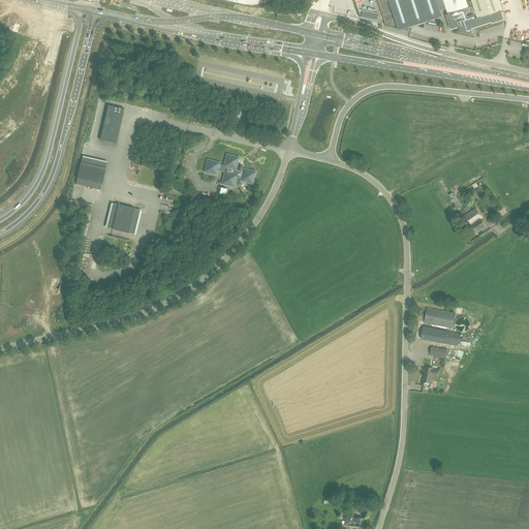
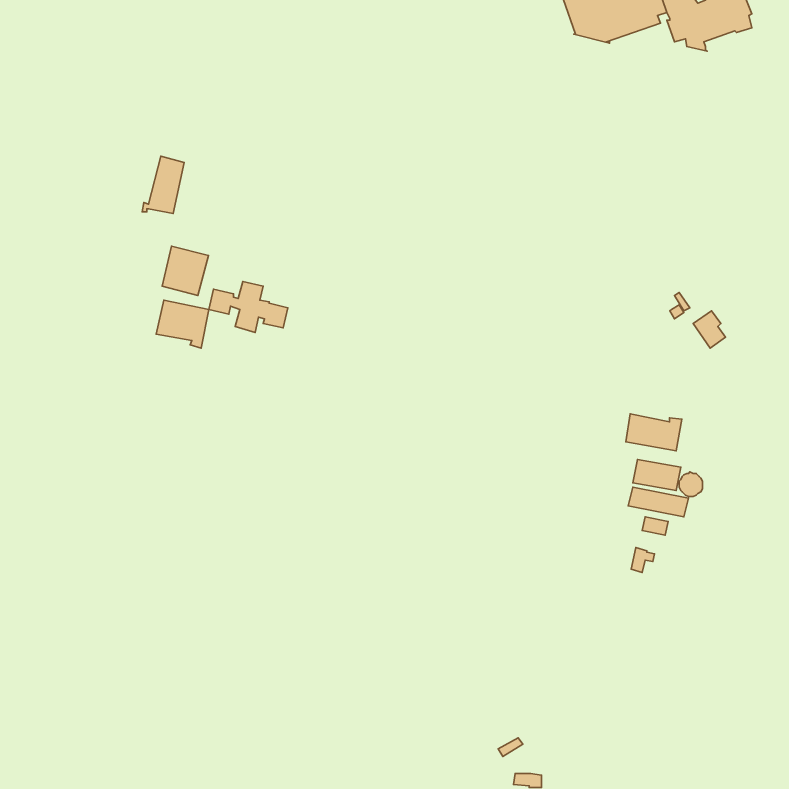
building: [203,153,255,187] -> [209,282,288,333]
building: [75,156,106,189] -> [162,246,209,296]
building: none -> [626,414,682,451]

